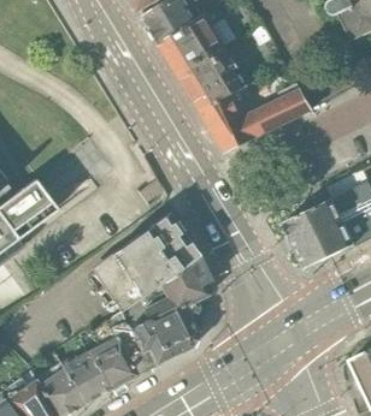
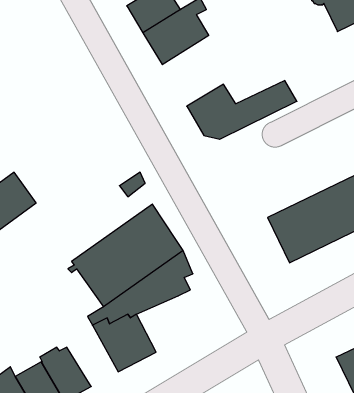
building: [178,44,248,114] -> none
building: [153,301,196,356] -> none
building: [84,321,135,390] -> none

